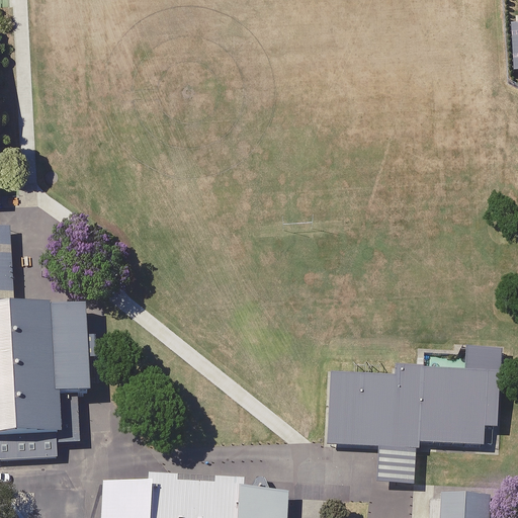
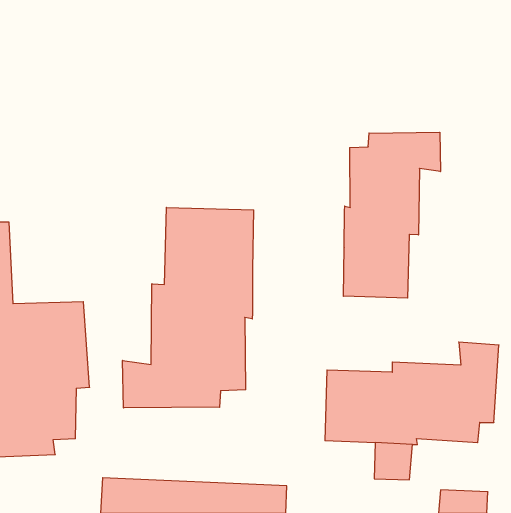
building: none -> [343,132,440,298]
building: none -> [123,207,254,408]

